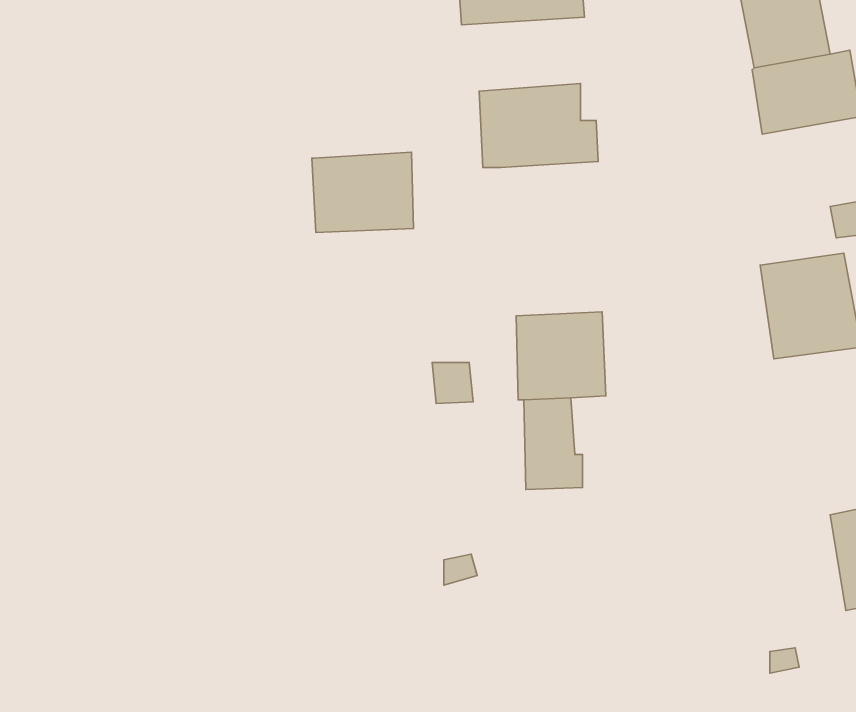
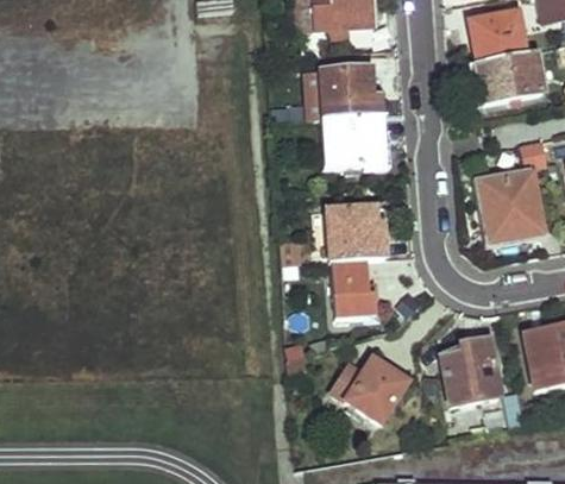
building: [312,152,413,232] -> [321,115,383,164]
building: none -> [441,340,500,406]
building: none -> [338,358,406,420]

